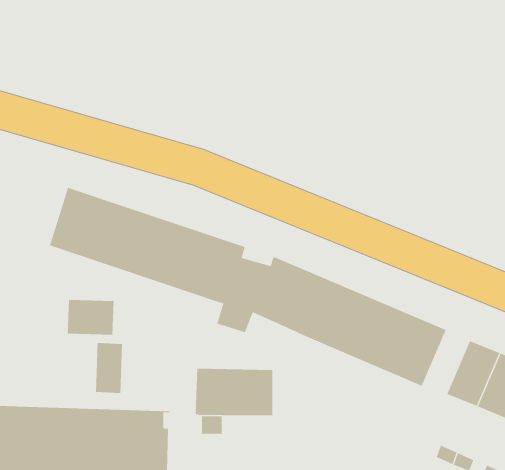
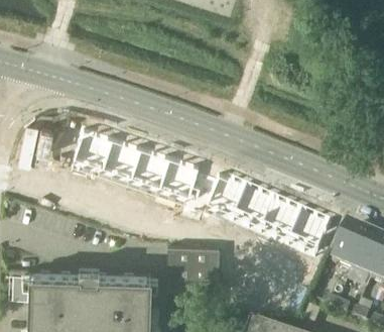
building: [67,299,114,336] -> none
building: [96,342,123,394] -> none

